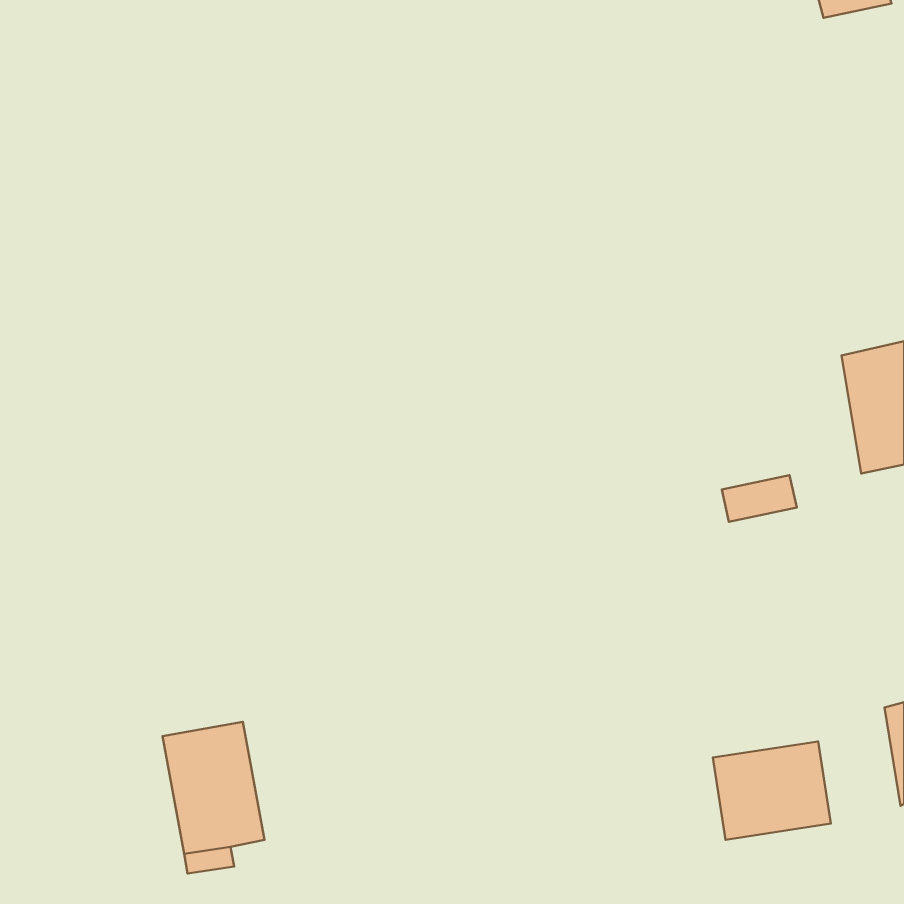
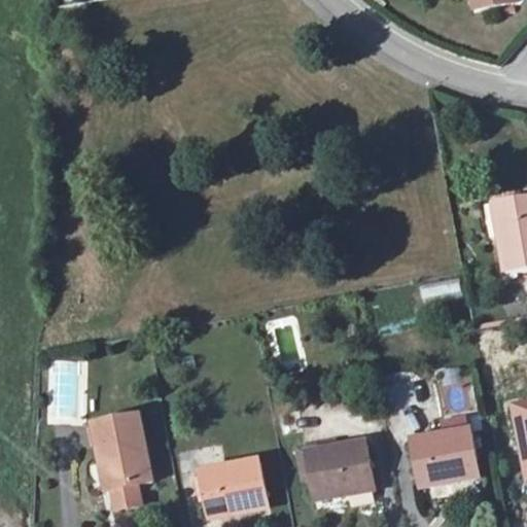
building: none -> [307,438,374,495]
building: none -> [198,458,269,515]

